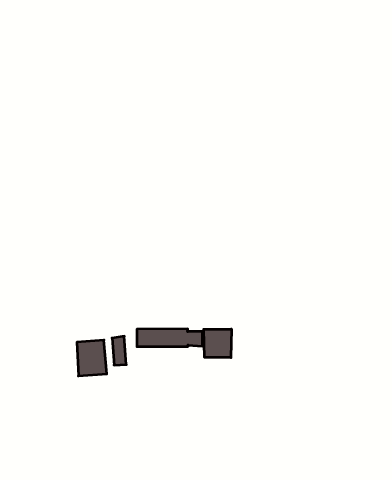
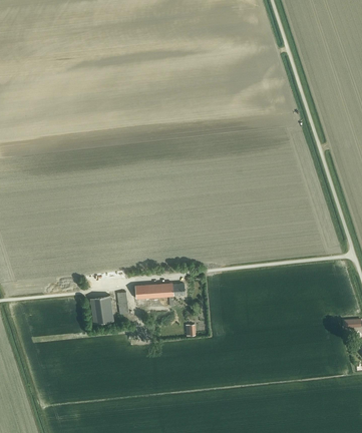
building: [204,329,231,358] -> none

